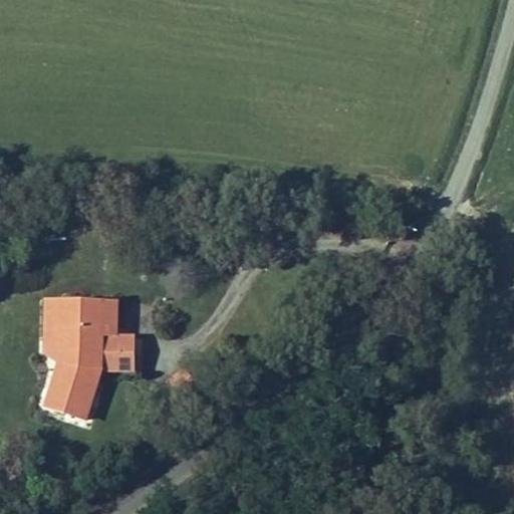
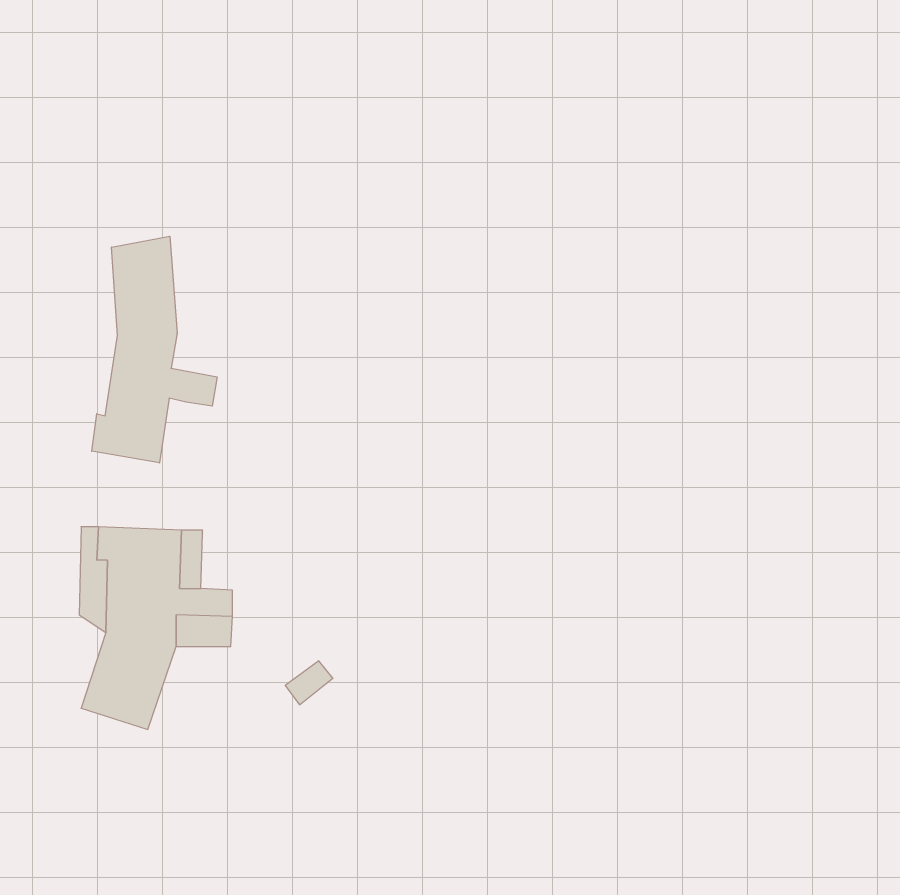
building: none -> [92,236,217,463]

